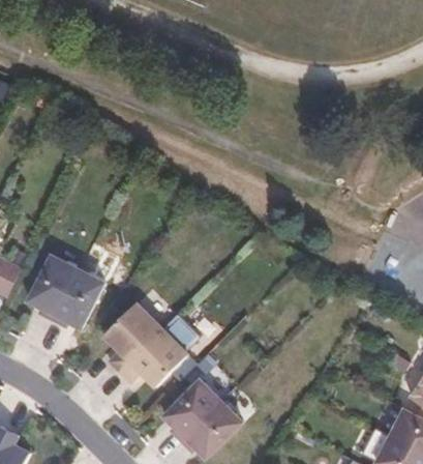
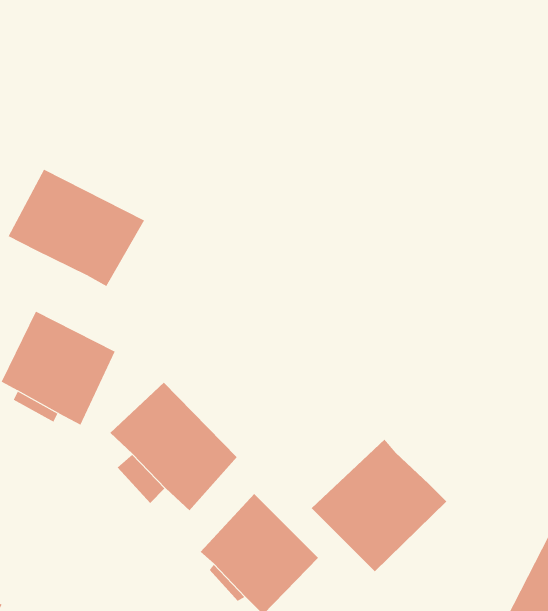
building: none -> [8,169,145,287]
building: none -> [311,439,447,572]

